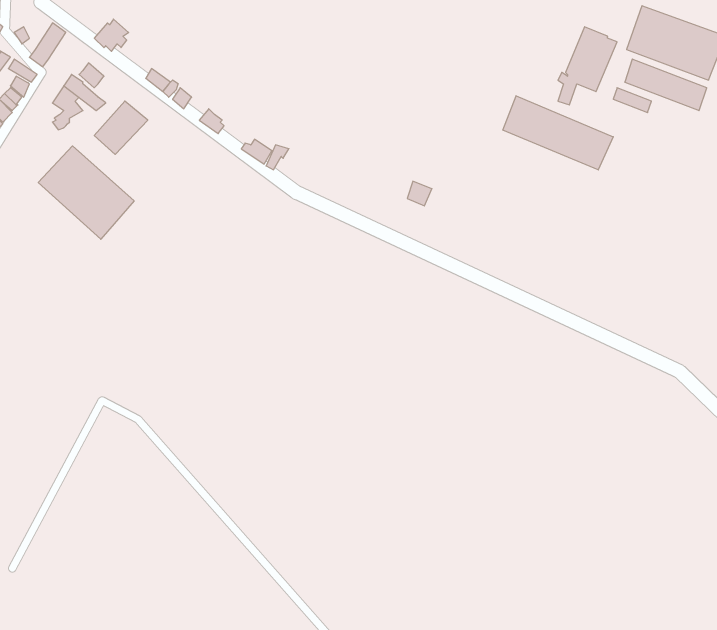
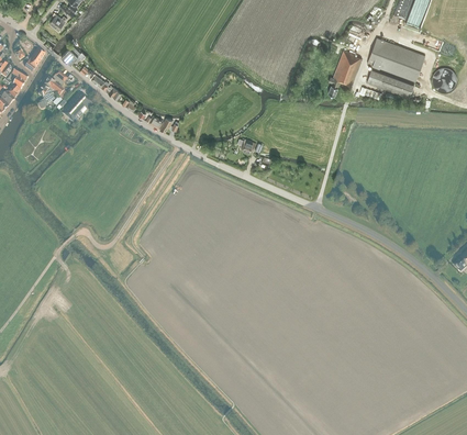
building: [503,96,613,170] -> none
building: [38,146,134,239] -> none

